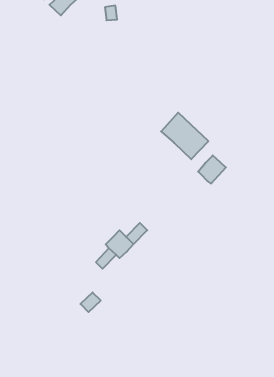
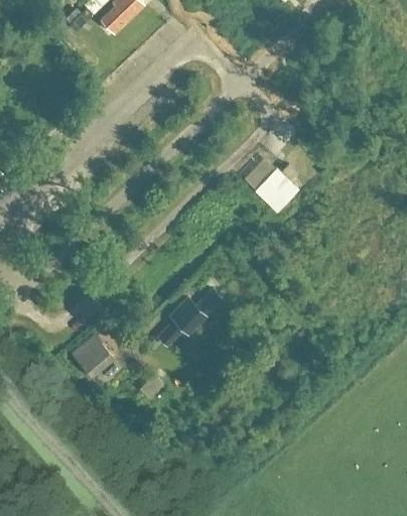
building: [198,155,226,184] -> none
building: none -> [74,339,113,378]

